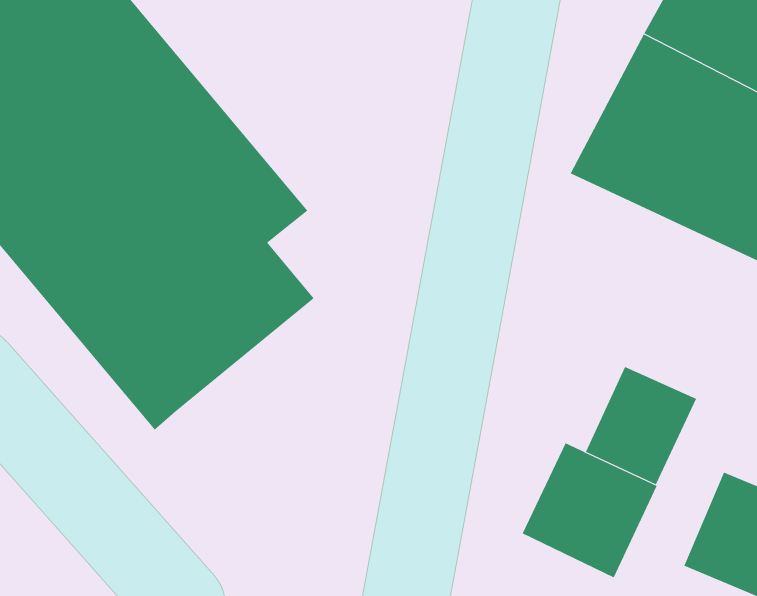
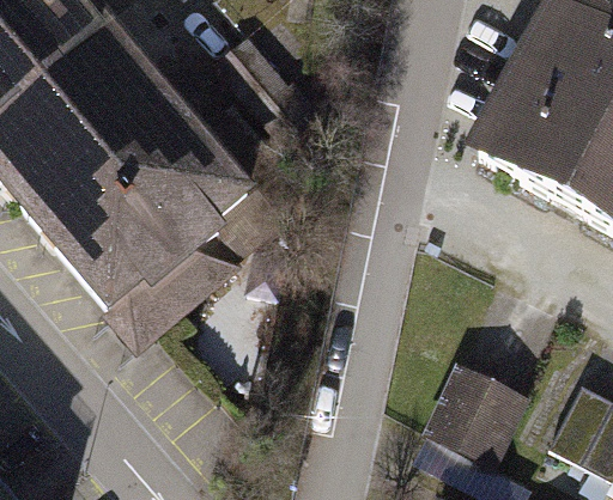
building: [585,366,697,485] -> none

